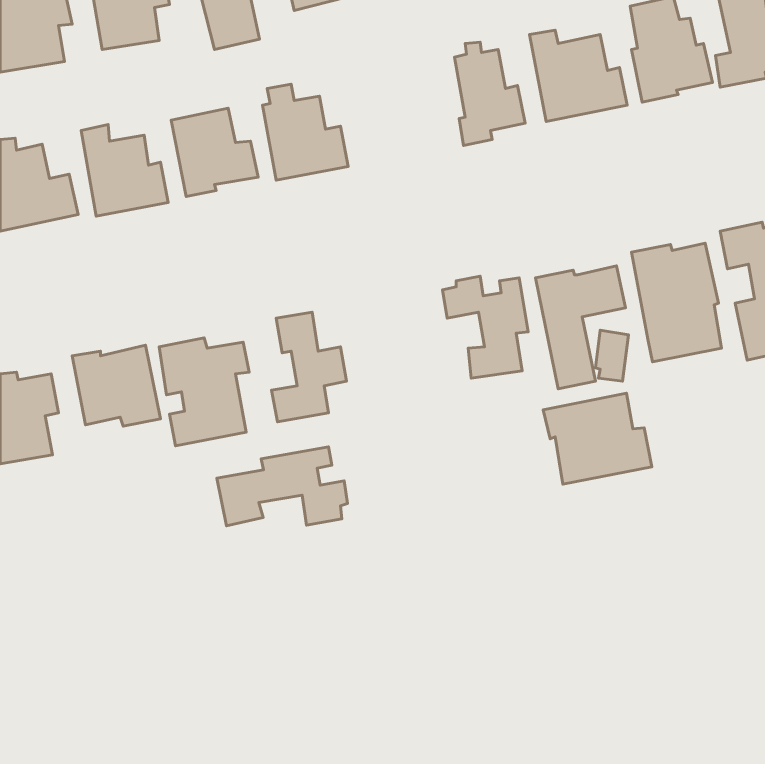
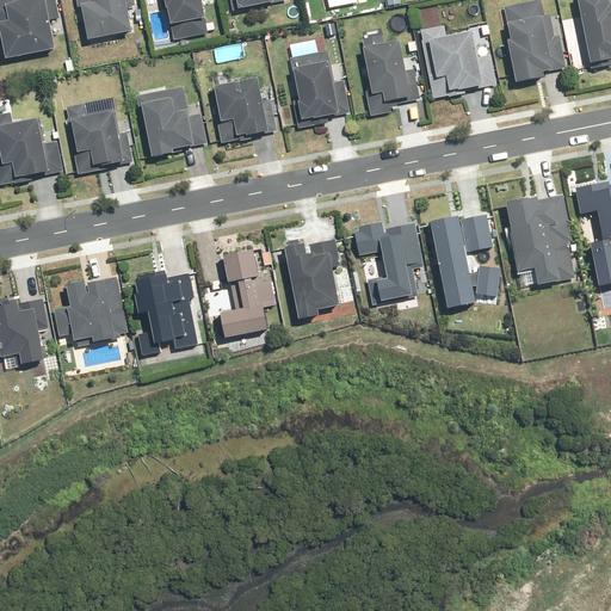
building: none -> [289,38,350,118]
building: none -> [289,236,347,313]
building: [543,393,652,484] -> none
building: [217,447,348,526] -> none

